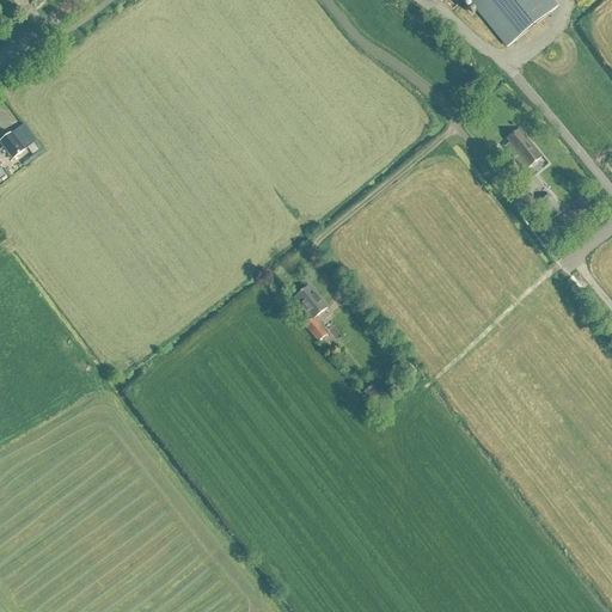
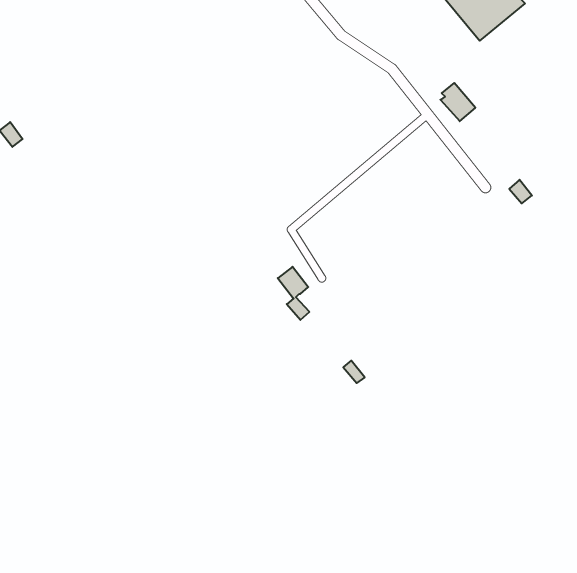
building: [506,126,543,166] -> [440,83,475,121]

